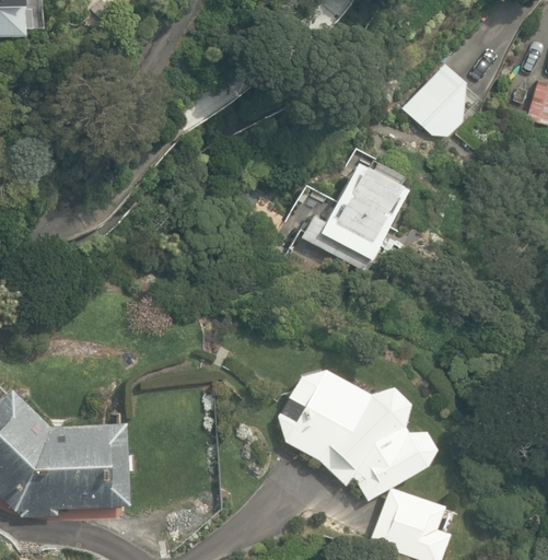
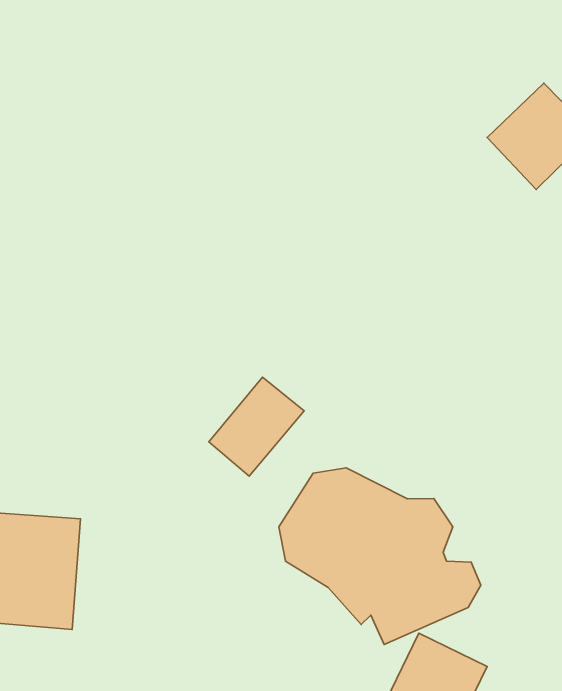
building: [290,159,409,276] -> none
building: none -> [209,377,304,476]

